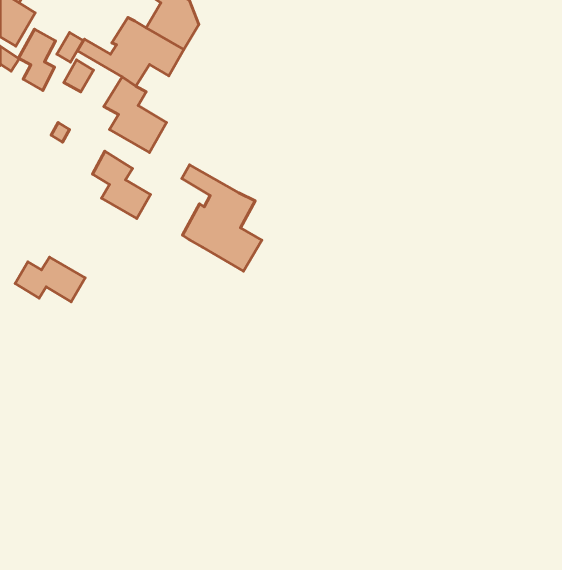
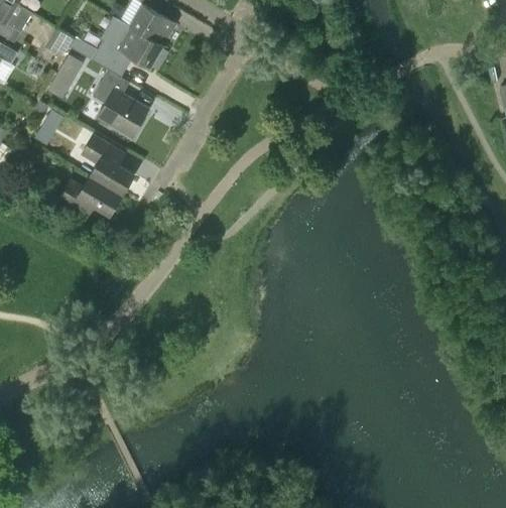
building: [18,29,56,91] -> none
building: [182,165,262,271] -> none
building: [15,257,85,302] -> [59,176,121,216]

